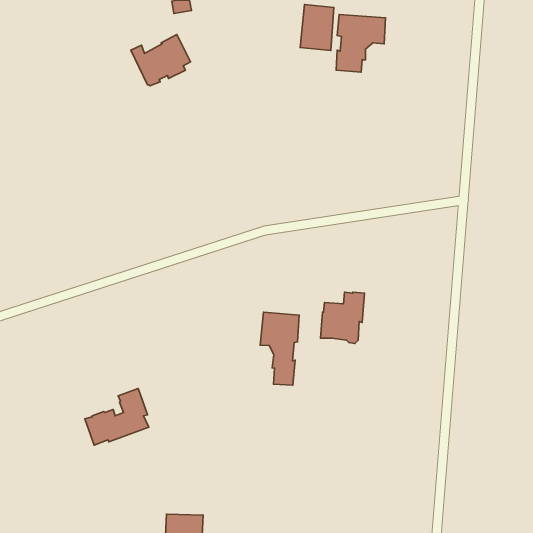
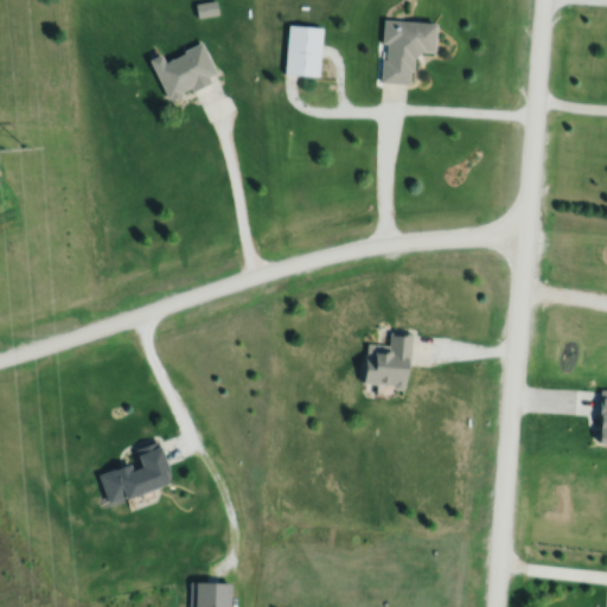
building: [300,4,334,51] -> [286,25,324,77]
building: [260,312,299,385] -> none

